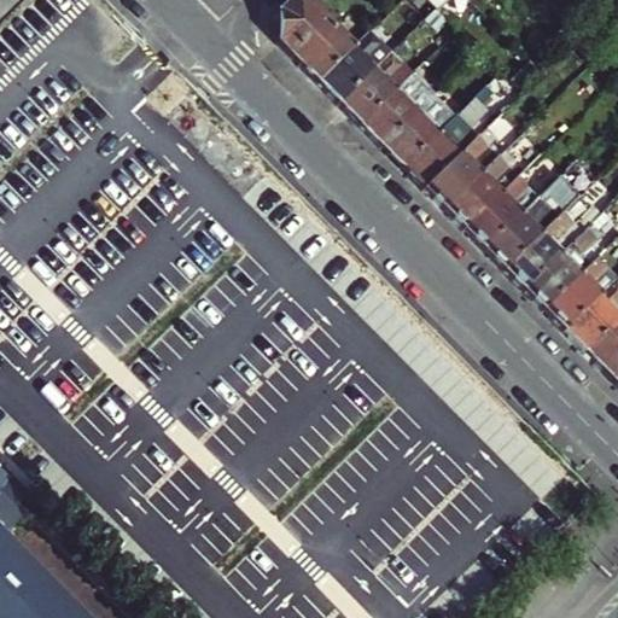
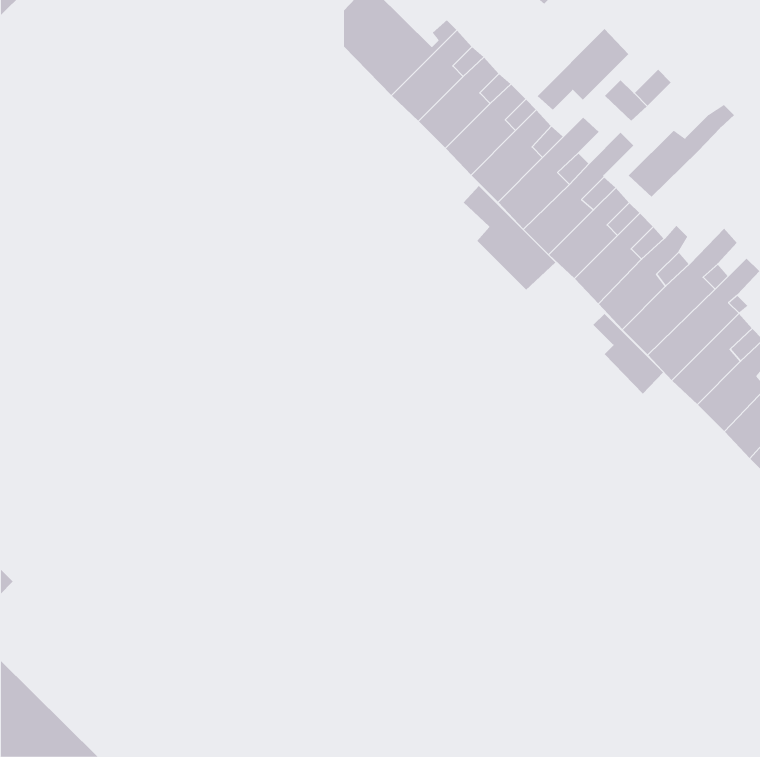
building: none -> [537,28,629,110]
building: none -> [628,104,735,197]
building: none -> [463,185,556,291]
building: none -> [593,313,664,395]

